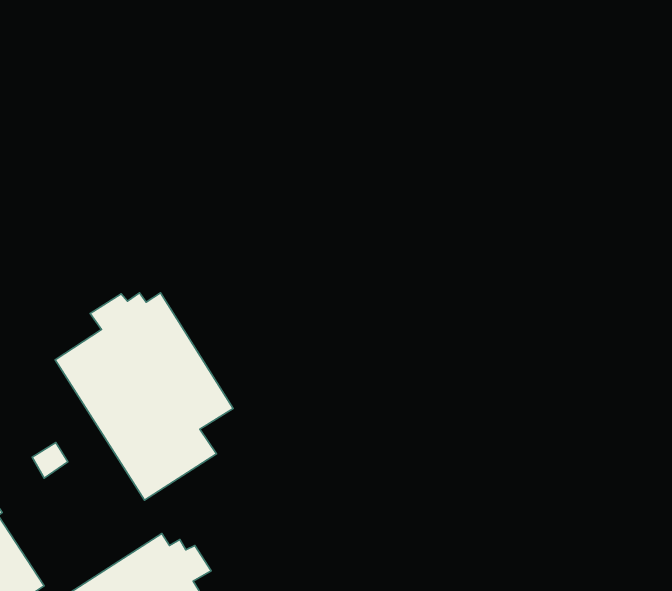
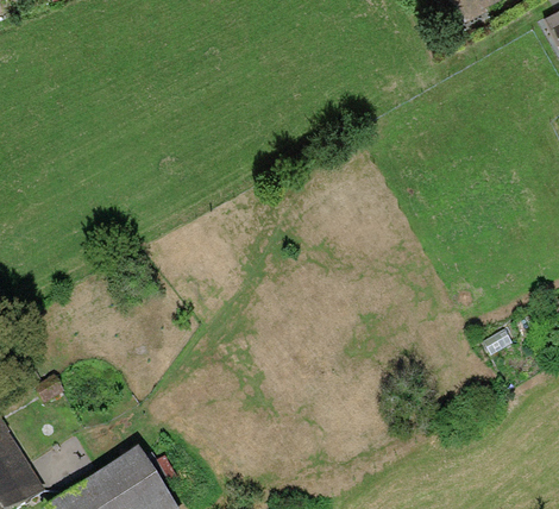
building: [55,293,233,500] -> none

